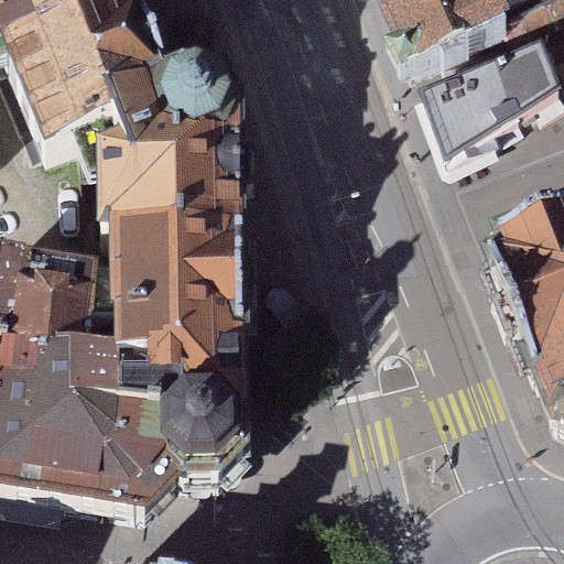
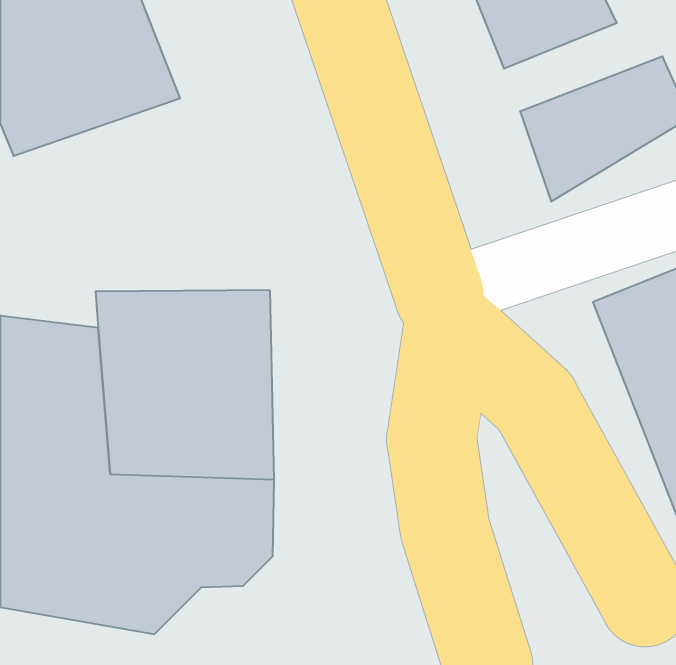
building: [20,73,230,239] -> none

